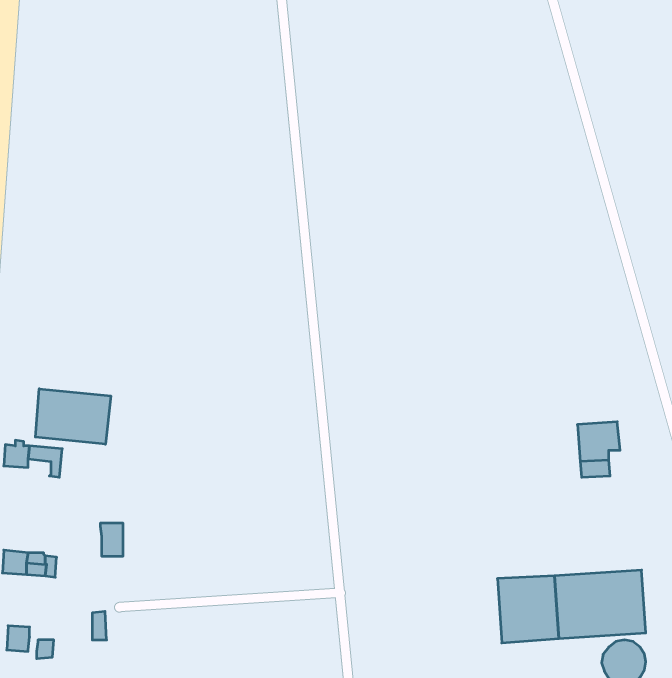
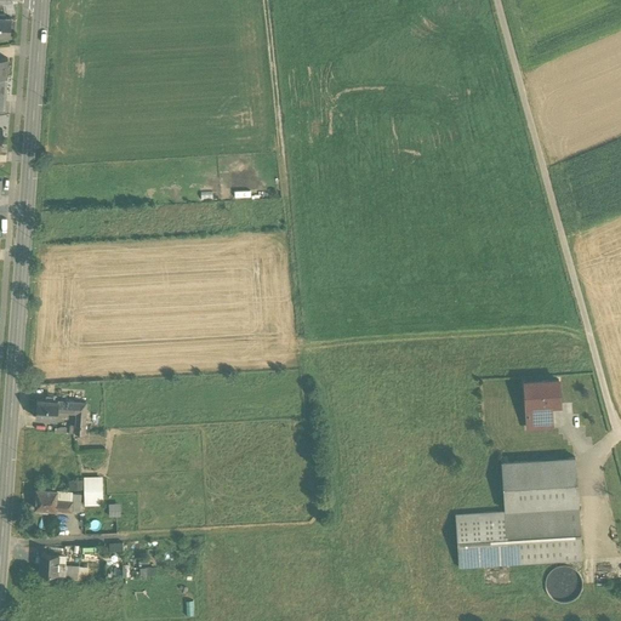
building: [35,389,111,444] -> none
building: none -> [501,457,577,511]
building: [100,523,123,556] -> [82,478,102,506]

